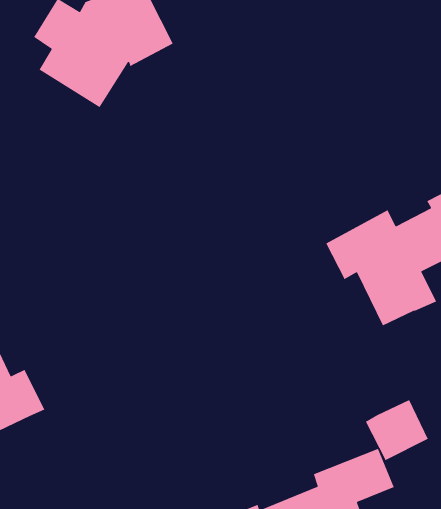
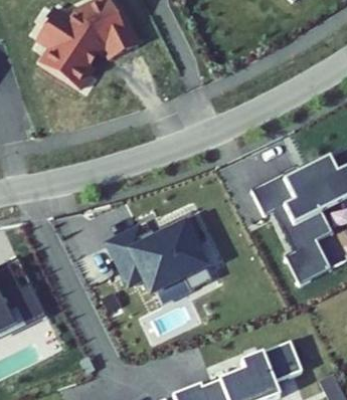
building: none -> [106,214,208,289]
building: [365,400,429,461] -> [285,240,332,285]

